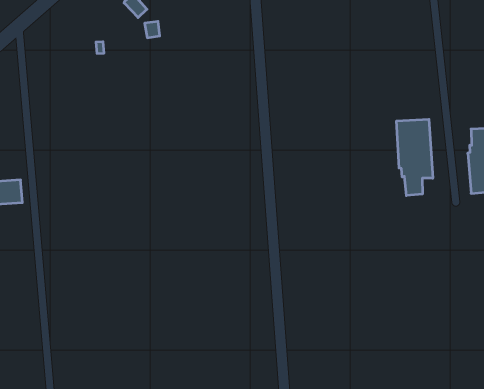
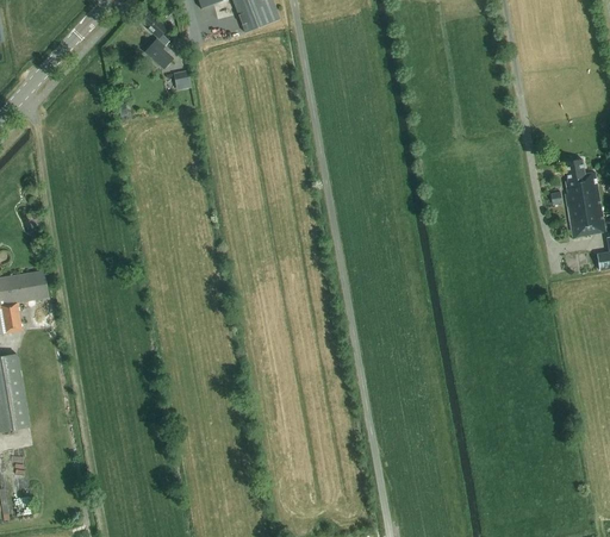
building: [397,119,433,196] -> none

